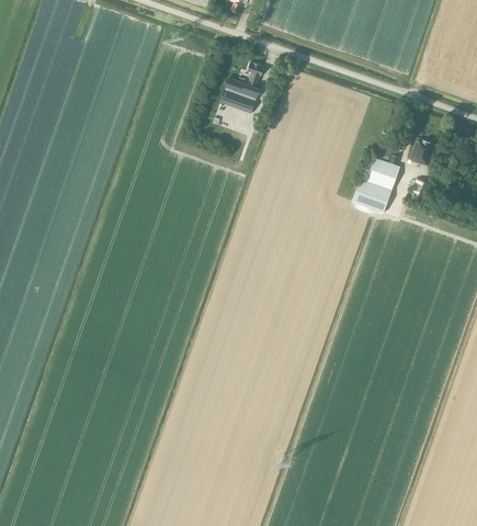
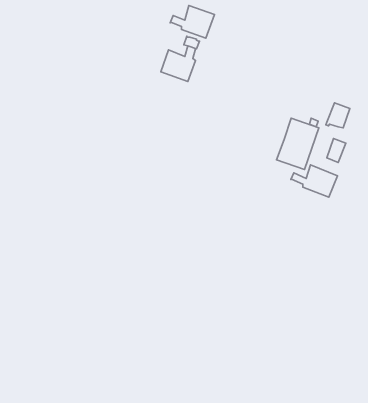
building: none -> [170,5,214,38]
building: none -> [291,165,338,197]

